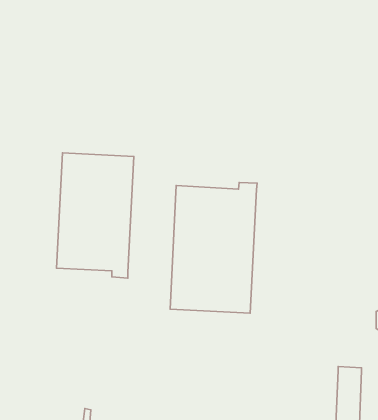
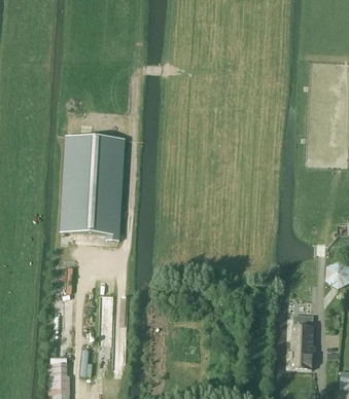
building: [170,183,257,313] -> none

